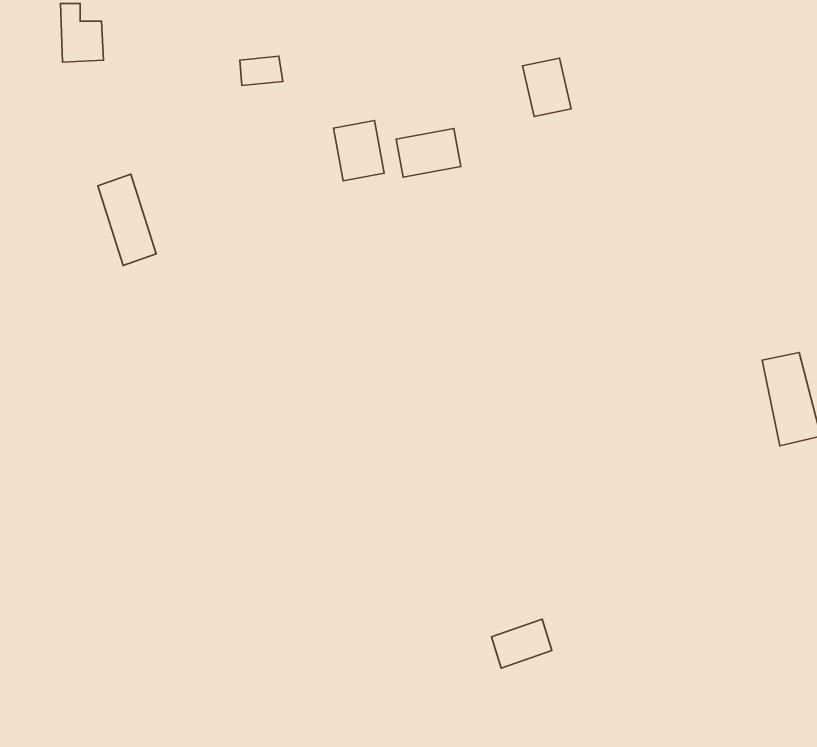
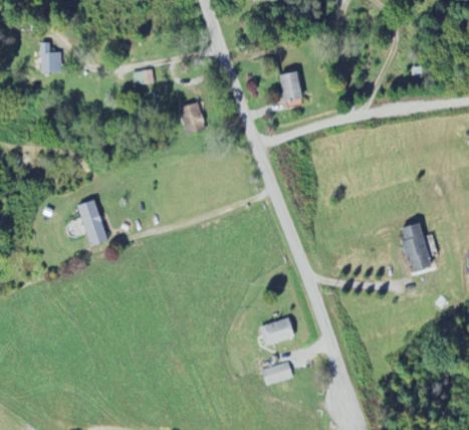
building: [396,128,461,177] -> none
building: [98,174,156,266] -> [77,200,107,247]
building: none -> [260,318,294,345]

